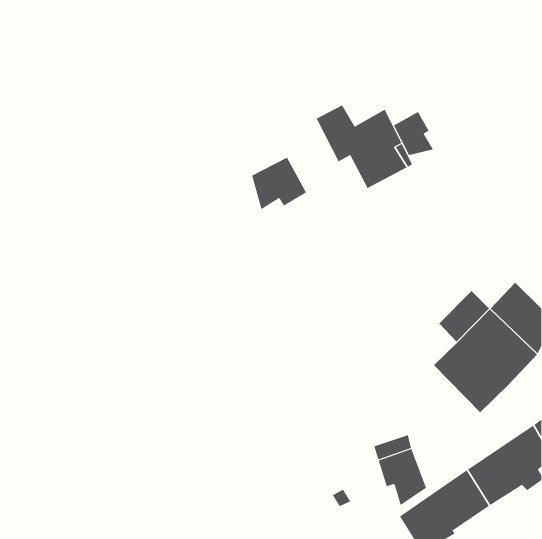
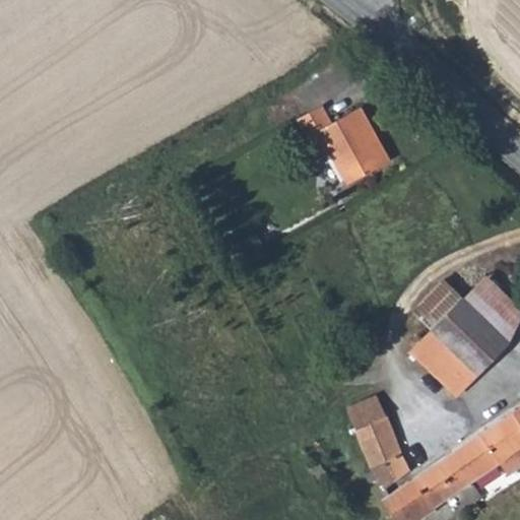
building: [393,111,434,156] -> none
building: [251,157,307,210] -> none
building: none -> [348,399,389,431]

